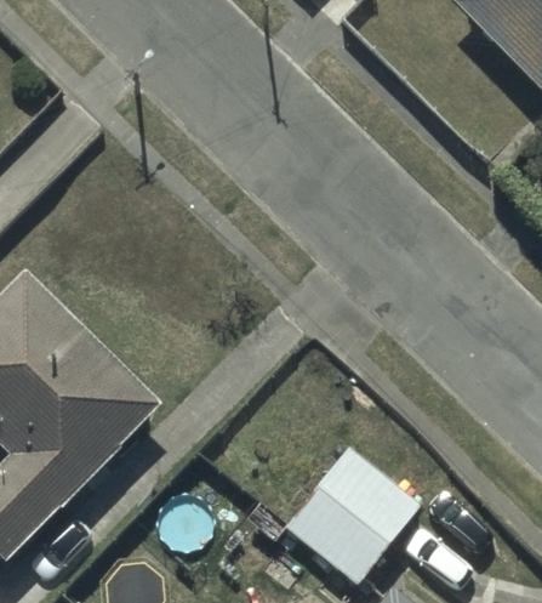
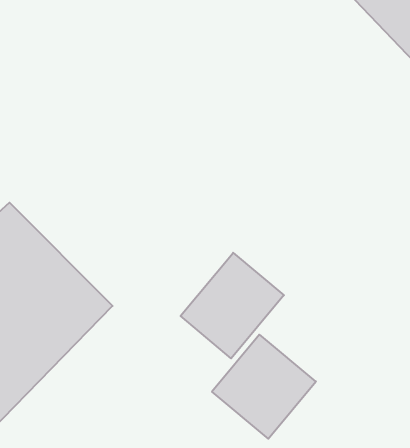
building: none -> [181,253,284,358]

